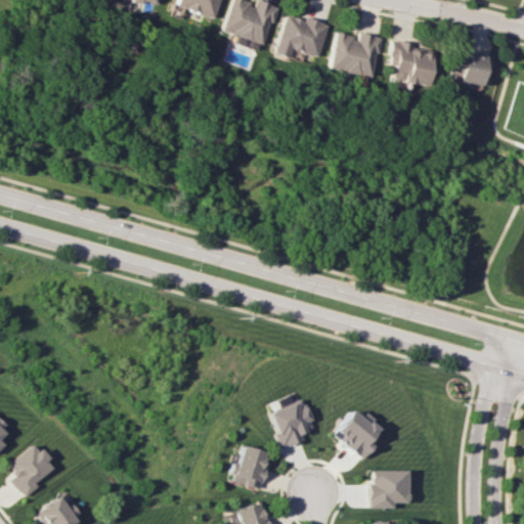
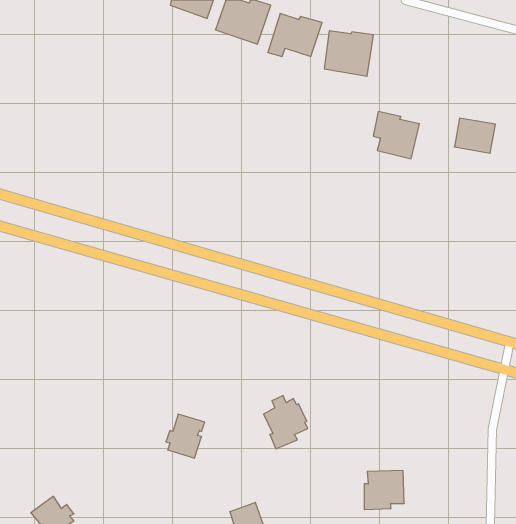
building: [390,40,436,87] -> [373,111,419,159]
building: [453,50,494,85] -> [454,118,495,153]
building: [338,409,381,460] -> none
building: [13,445,56,497] -> none
building: [232,445,271,489] -> [166,414,205,458]

